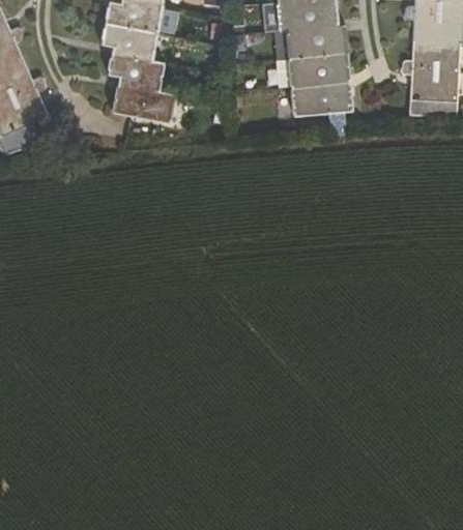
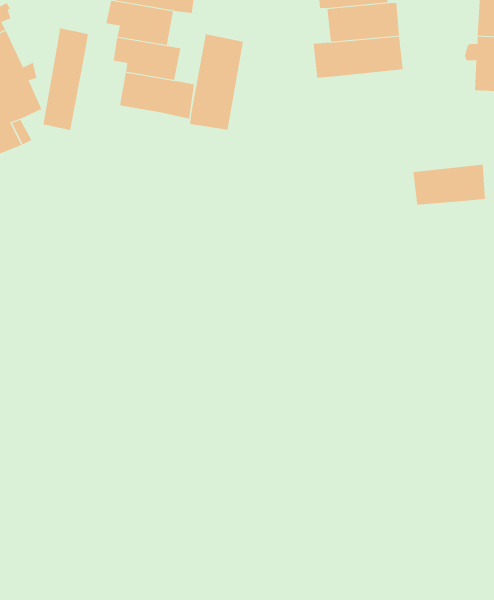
building: none -> [43,28,88,131]
building: none -> [190,34,243,130]
building: [290,82,351,116] -> [413,164,486,205]

